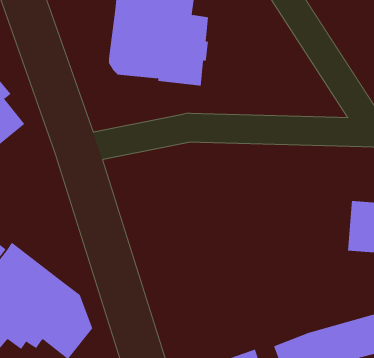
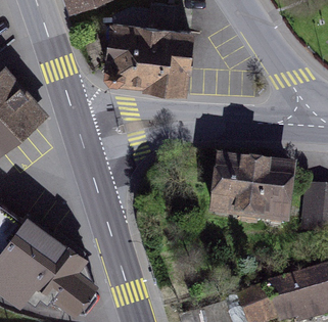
building: none -> [209,153,297,225]

